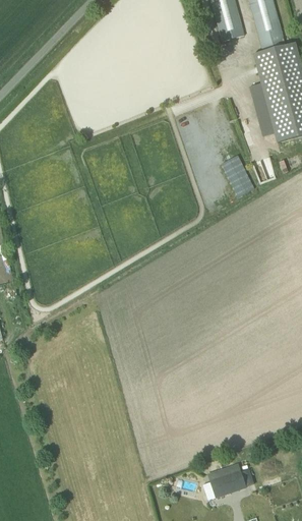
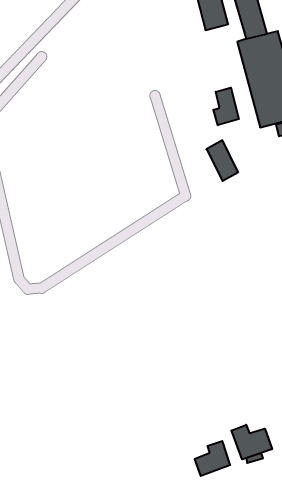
building: none -> [213,88,239,125]
building: none -> [231,425,272,459]

